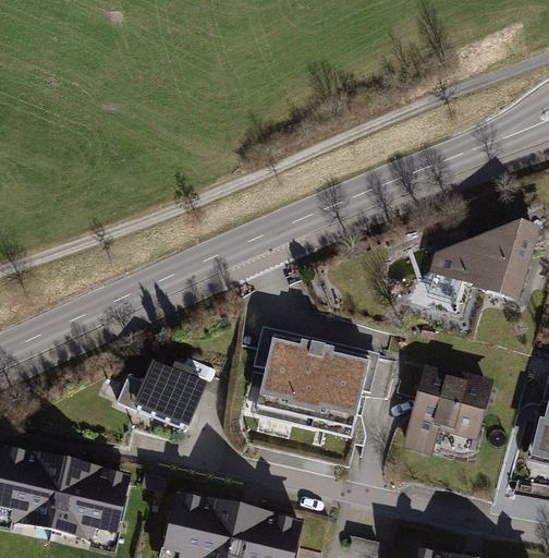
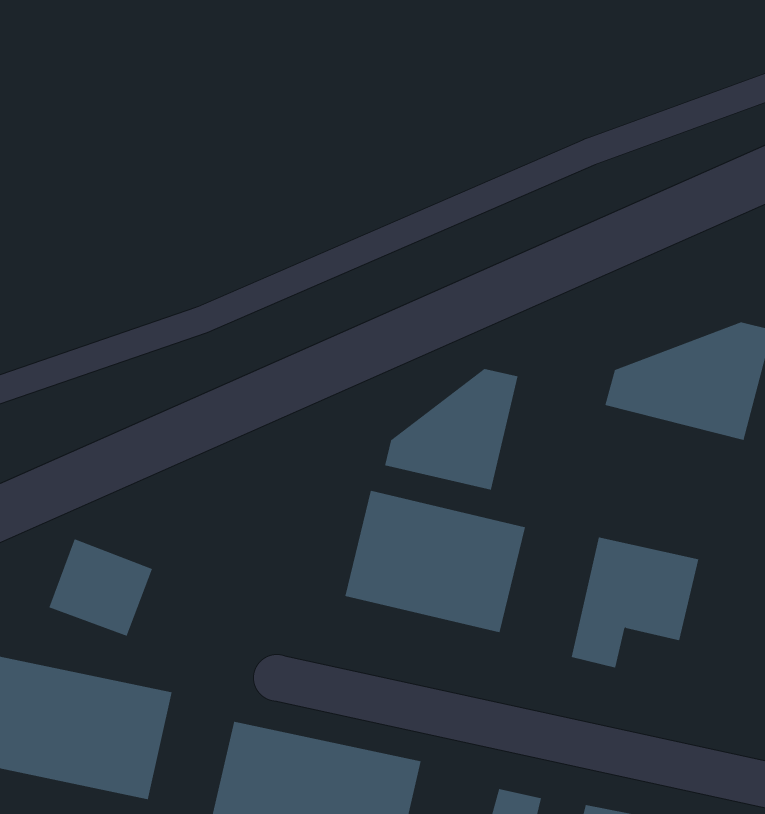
building: none -> [384,368,518,491]
building: [132,356,203,423] -> [49,538,153,636]

